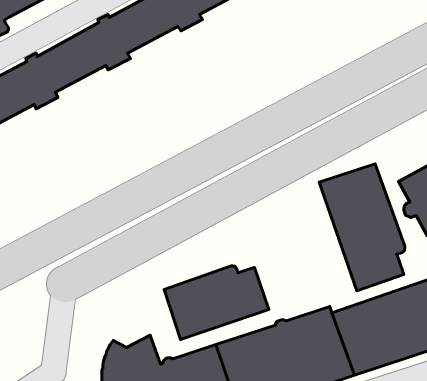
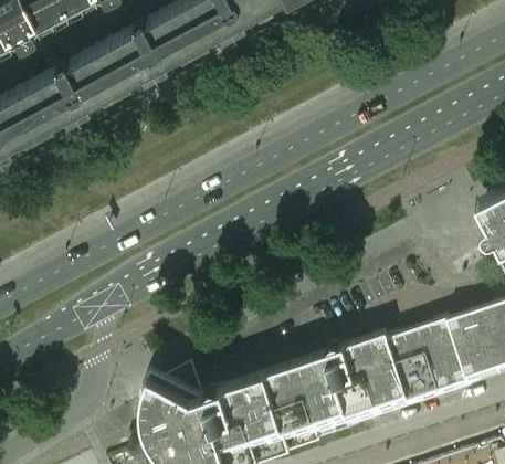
building: [319,164,405,291] -> none
building: [164,266,269,339] -> none

